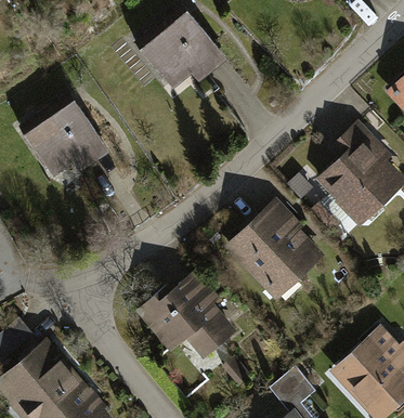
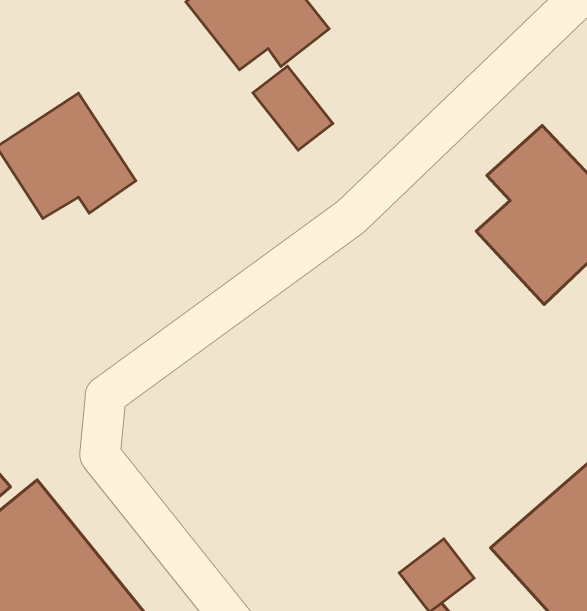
building: none -> [253,66,333,150]
building: [222,198,326,301] -> none
building: [139,273,235,357] -> none

